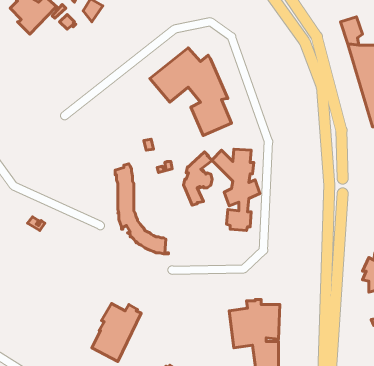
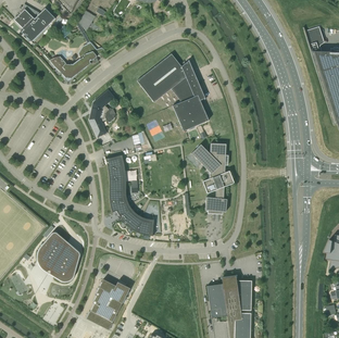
building: none -> [50,42,104,77]
building: [184,152,212,205] -> [89,89,114,136]
building: none -> [36,231,79,281]

